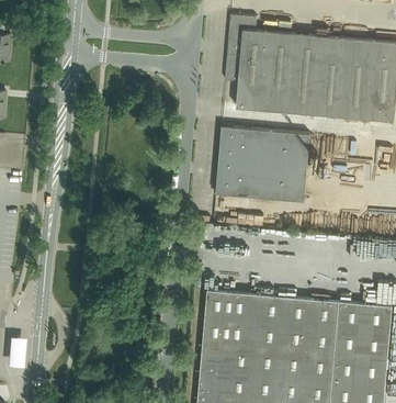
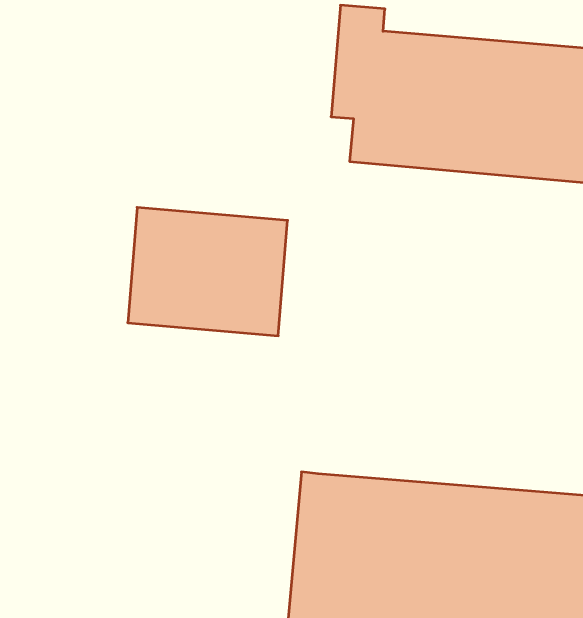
building: [215,126,309,202] -> [128,207,288,336]

